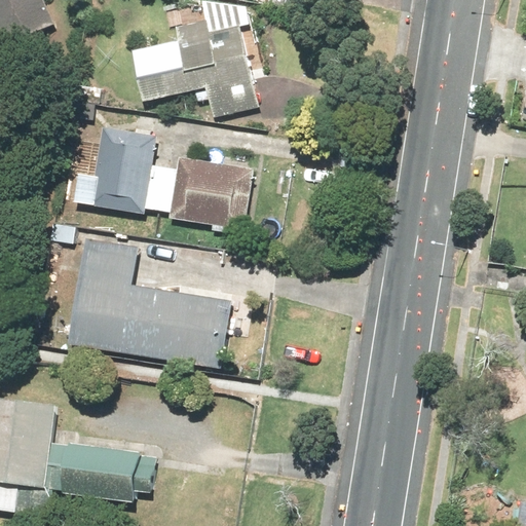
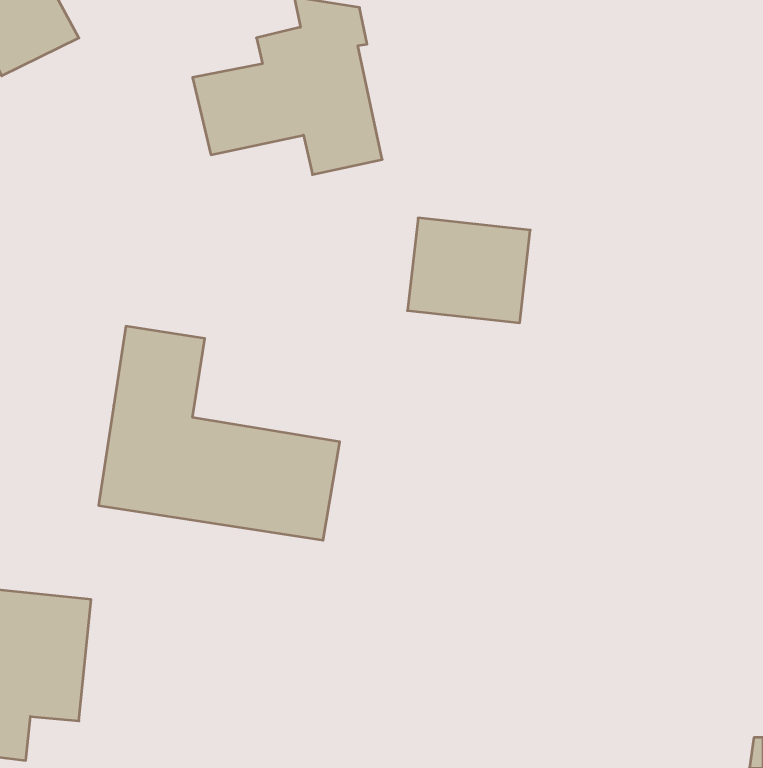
building: [74,127,170,211] -> none
building: [170,157,253,228] -> [407,218,530,323]
building: [65,447,151,504] -> none

